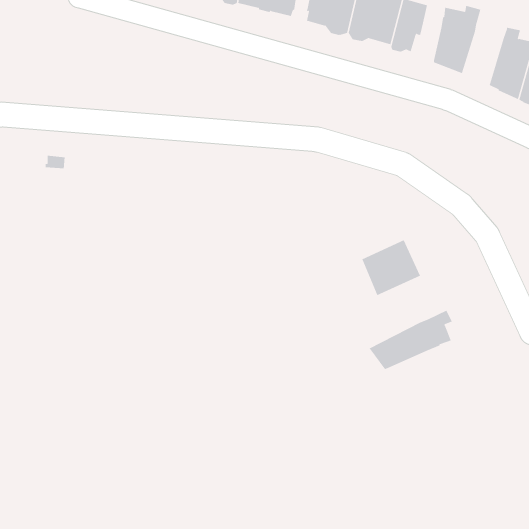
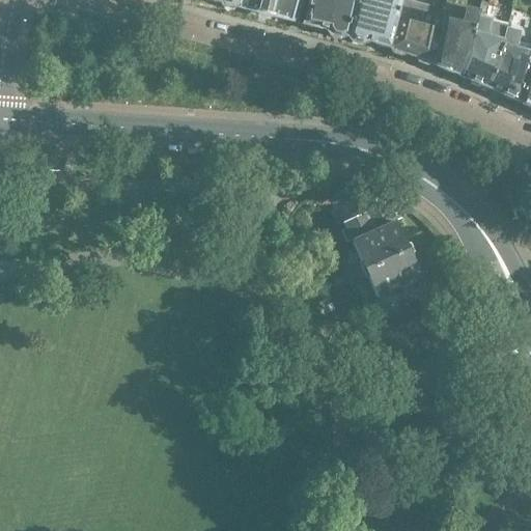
building: none -> [413,9,445,62]
building: none -> [464,15,507,86]
building: none -> [346,203,406,258]
building: [369,310,453,370] -> none

